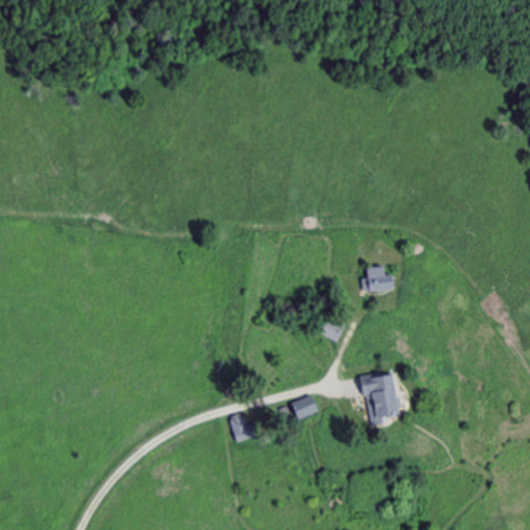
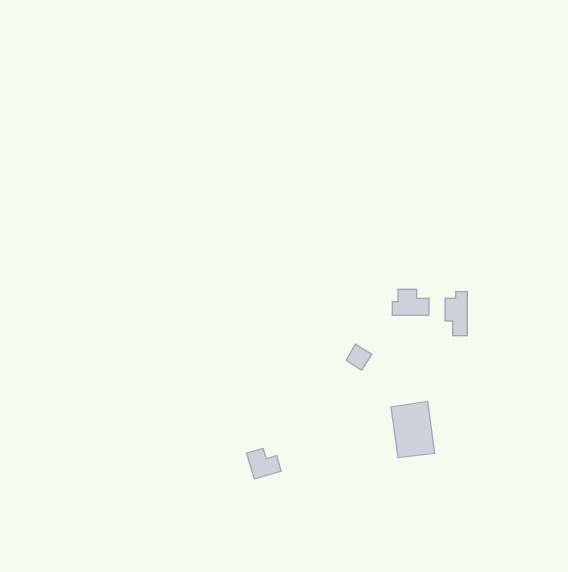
building: none -> [445,291,467,336]
building: [291,394,320,419] -> none

